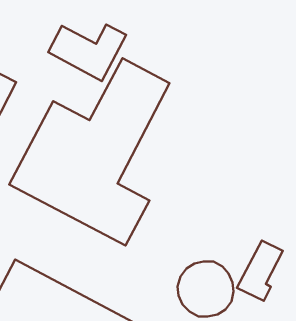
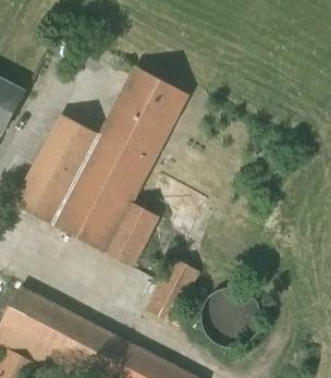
building: [48,24,126,81] -> none
building: [237,241,283,301] -> [149,257,199,322]

